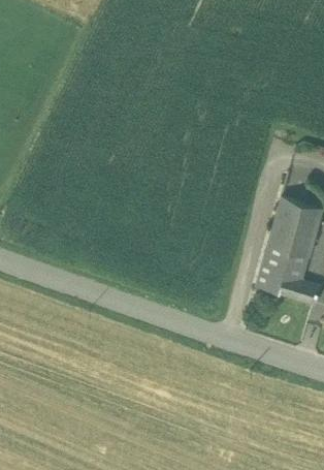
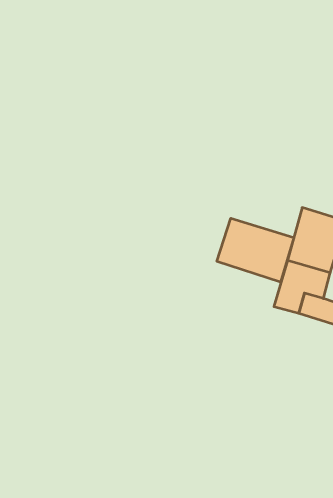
building: none -> [217,218,294,282]

